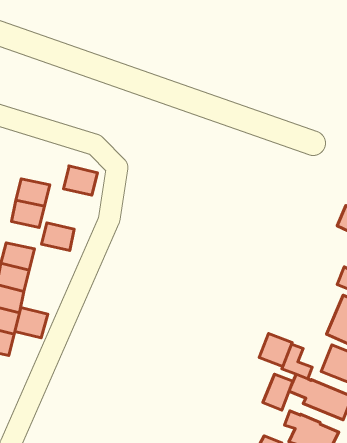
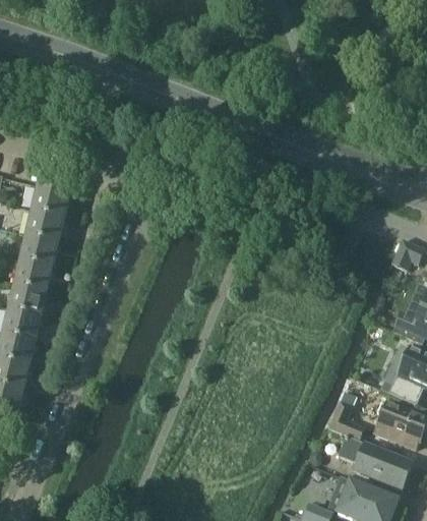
building: [64,166,97,195] -> [32,185,70,219]
building: [41,223,74,250] -> [14,260,52,292]
building: [15,308,48,338] -> none
building: [259,333,292,367] -> none
building: [263,374,293,410] -> none

